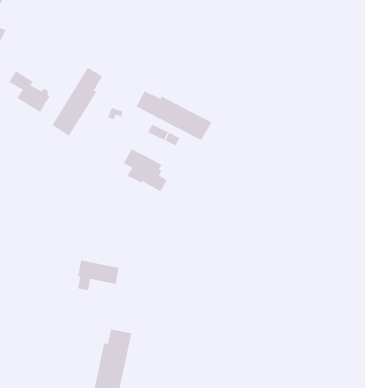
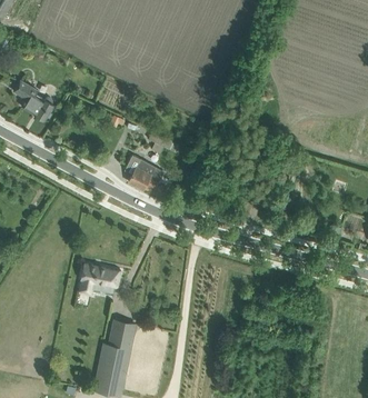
building: [52,67,103,137] -> none
building: [136,90,212,141] -> none

